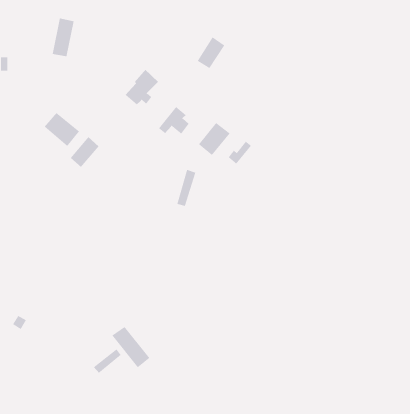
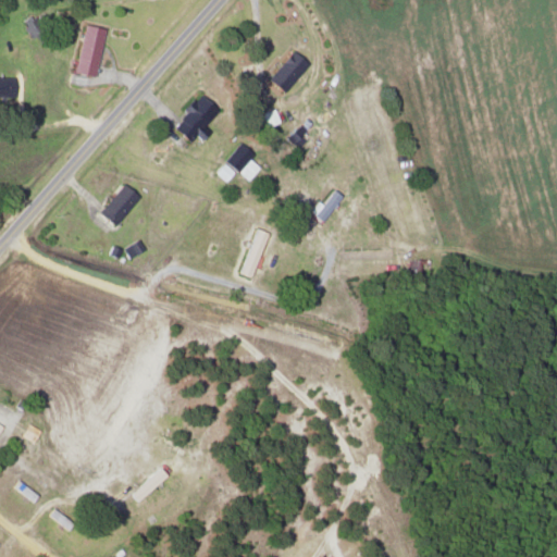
building: [44,112,80,147] -> none
building: [198,122,230,156] -> none
building: [112,326,150,368] -> none

